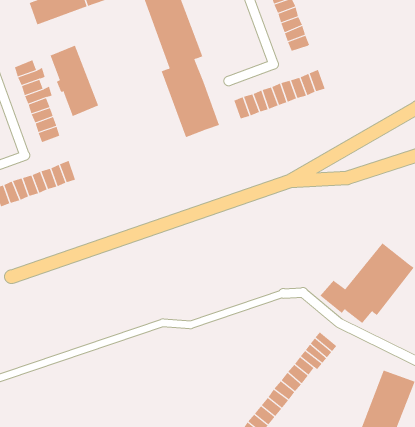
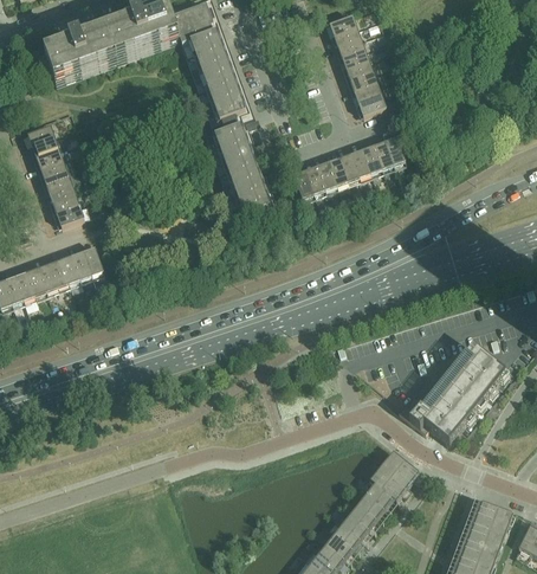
building: [50,45,99,117] -> none

